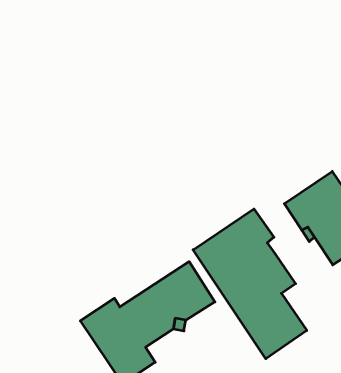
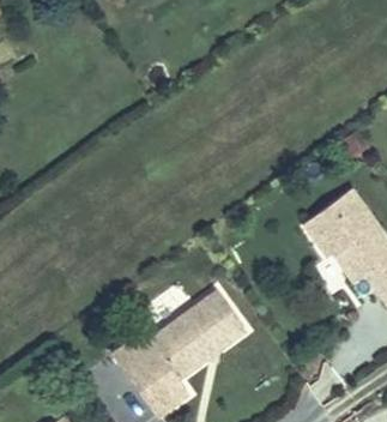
building: [193,209,307,359] -> none

